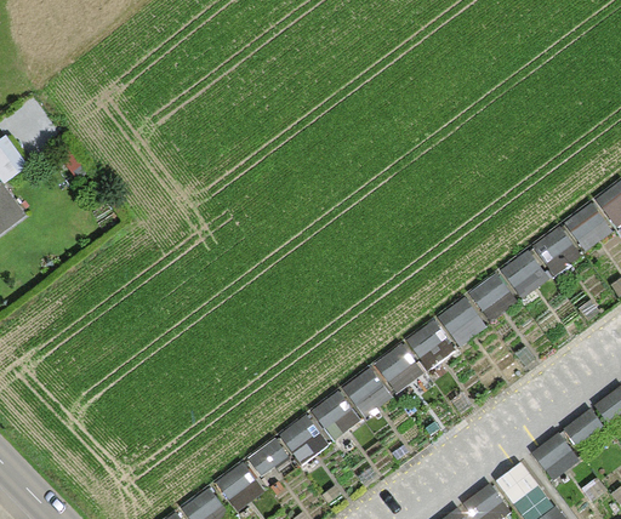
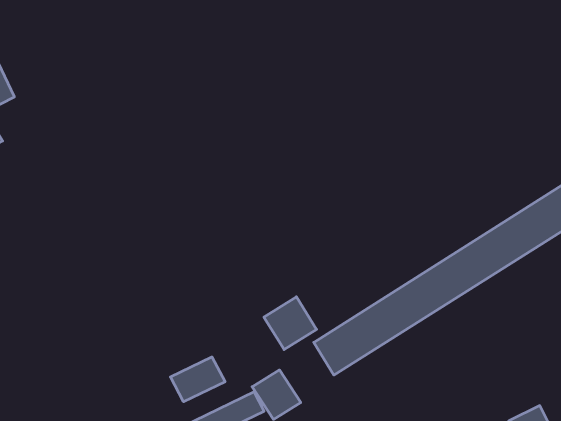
building: [308,393,360,445] -> [264,297,317,350]
building: none -> [170,357,225,402]

